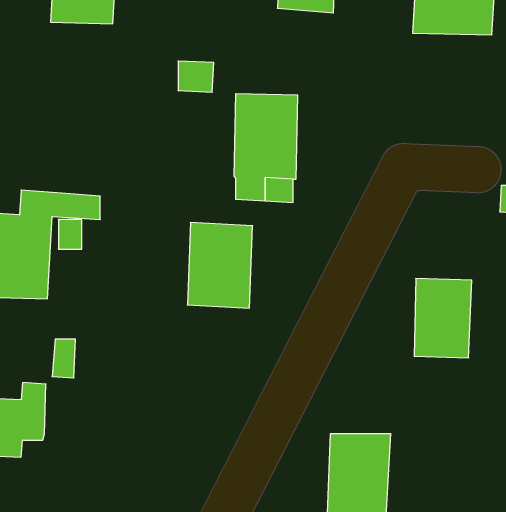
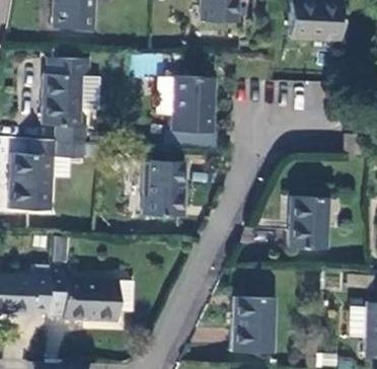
building: none -> [44,57,92,143]
building: none -> [49,266,134,320]

